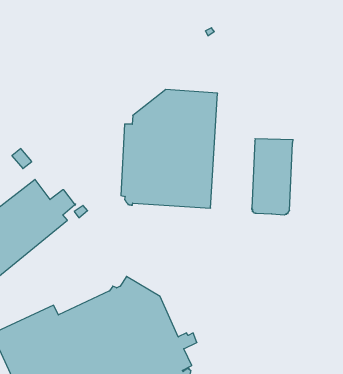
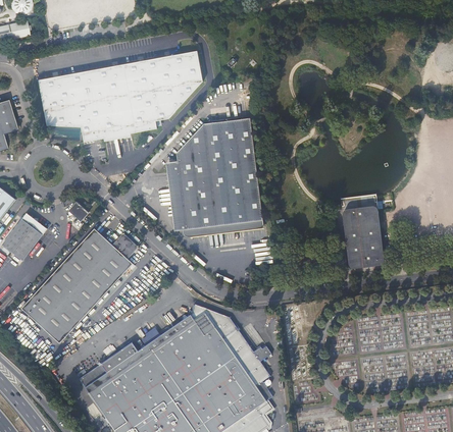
building: none -> [39,52,201,141]
building: [252,139,293,215] -> [340,194,384,268]

